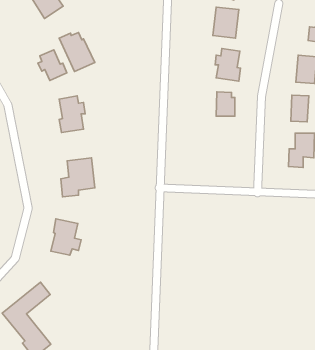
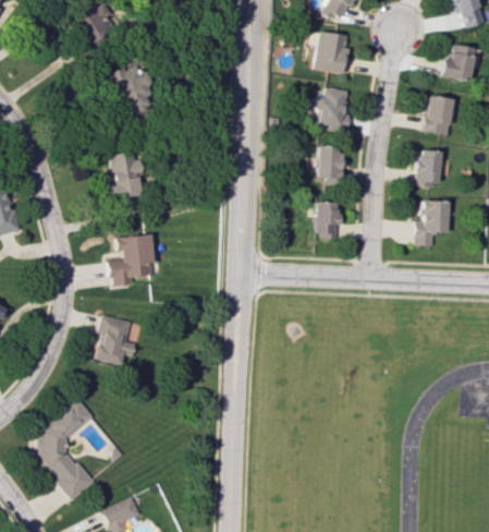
building: [38,50,67,81] -> none
building: none -> [317,202,341,238]

